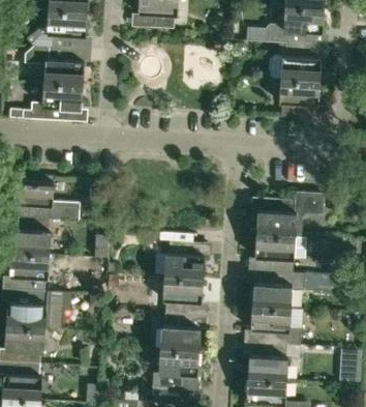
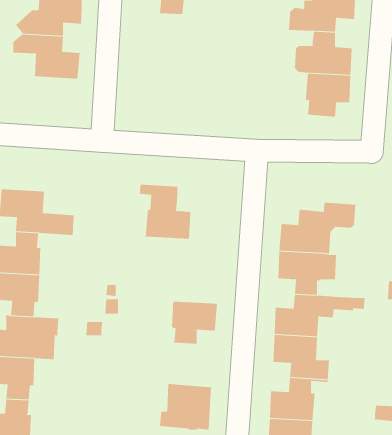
building: [31,83,83,121] -> none
building: [159,232,205,280] -> [139,184,191,239]
building: [160,314,201,352] -> none

